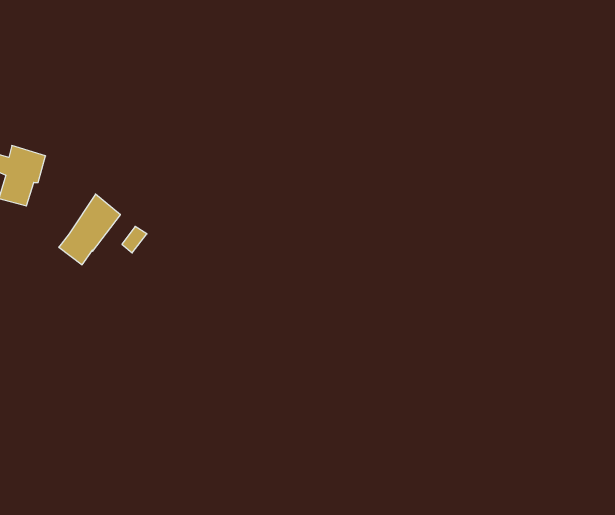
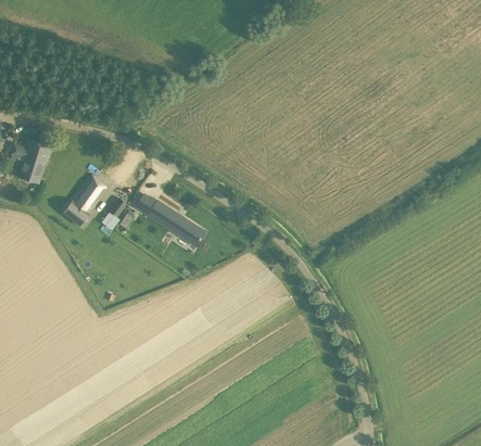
building: none -> [136,194,200,245]

